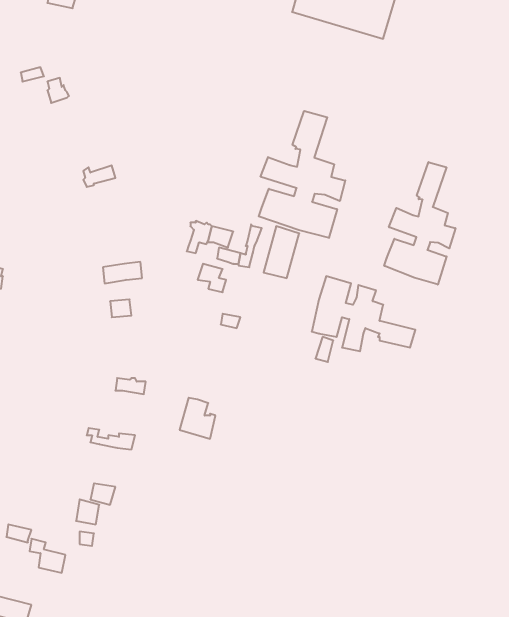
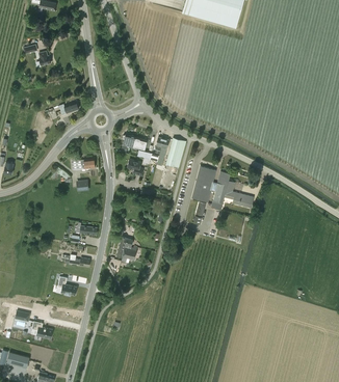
building: [259,111,345,238] -> none
building: [384,162,455,285] -> none

